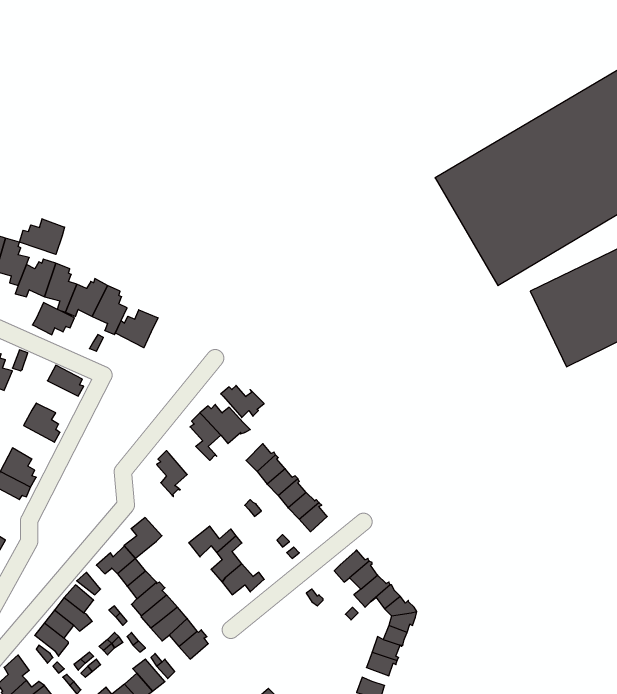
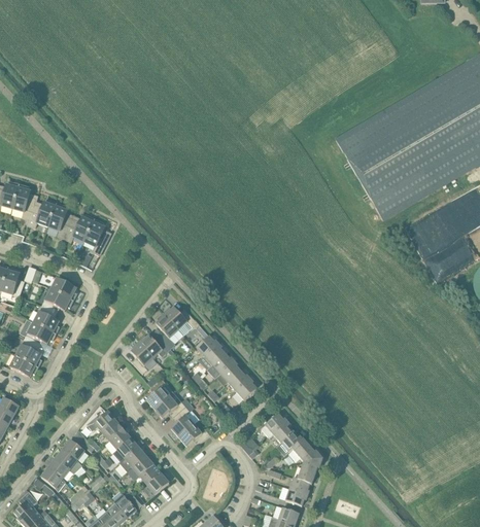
building: [19,219,65,254] -> none
building: [32,303,74,335] -> [42,288,73,312]
building: [116,310,158,348] -> none
building: [221,385,264,418] -> [138,333,170,357]
building: none -> [25,321,56,346]
building: [124,518,162,558] -> [146,378,174,408]

